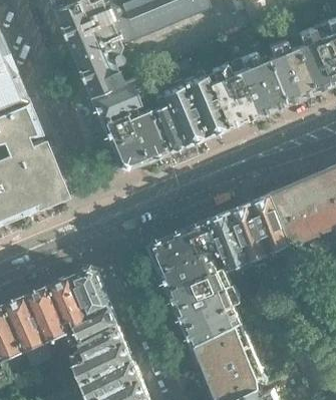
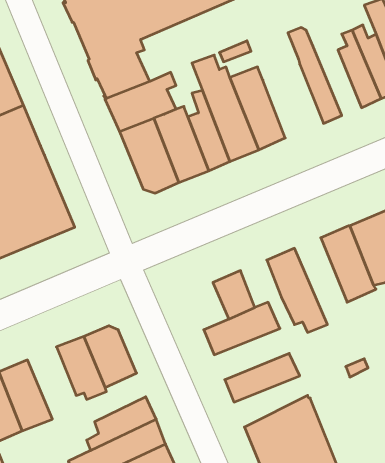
building: [238,29,283,109] -> none
building: [208,64,254,126] -> none
building: [232,203,277,271] -> none
building: [191,220,222,256] -> none
building: [150,237,182,273] -> none
building: [171,272,228,311] -> none
building: [28,286,69,341] -> none
building: [70,306,118,346] -> none
building: [186,308,242,347] -> none

